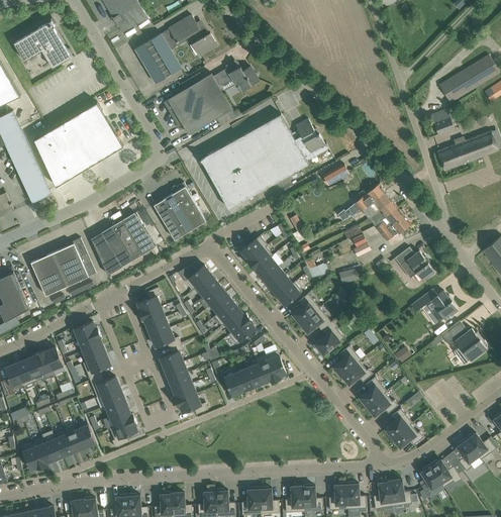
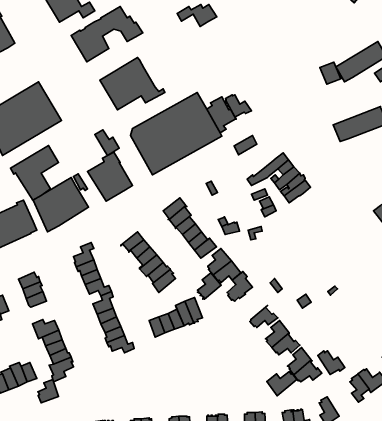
building: [213,67,259,92] -> [177,5,217,27]
building: [430,110,455,135] -> [320,62,341,84]
building: none -> [226,95,251,119]
building: none -> [95,130,119,156]
building: none -> [11,146,58,200]
building: [394,247,434,280] -> none
building: [178,265,211,290] -> none
building: [410,289,458,321] -> none
building: [440,321,487,365] -> none
building: [333,345,361,376] -> [198,273,221,299]
building: [83,354,110,381] -> none
building: none -> [267,372,297,396]
building: none -> [38,380,58,403]
building: [429,459,461,487] -> [318,351,345,375]

